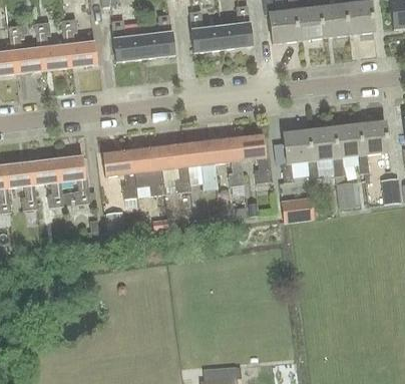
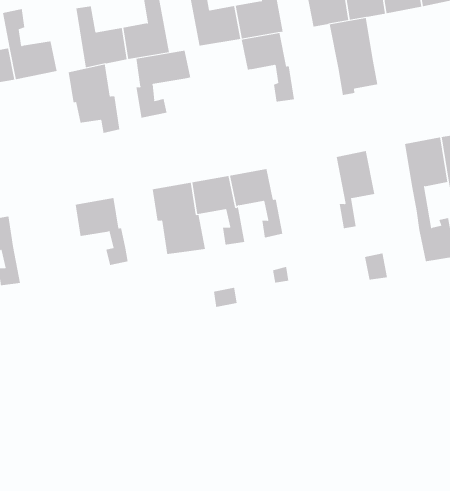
building: none -> [136,50,191,118]
building: [303,126,334,178] -> [329,17,378,96]
building: [235,134,269,181] -> [241,33,295,102]
building: [129,146,162,194] -> [68,64,120,133]
building: [57,155,89,203] -> none

